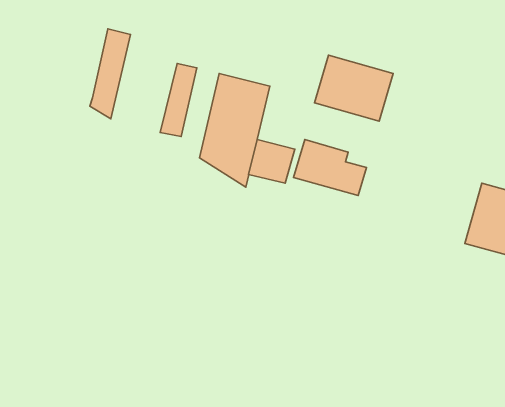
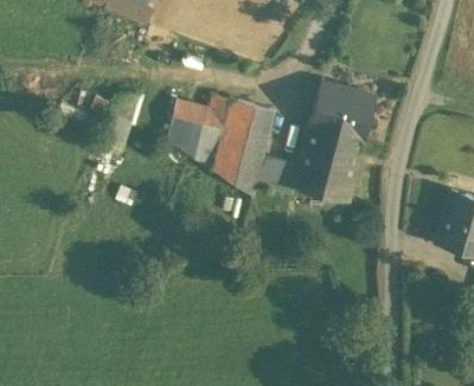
building: [90,29,130,119] -> [194,95,229,171]
building: none -> [301,124,364,179]

